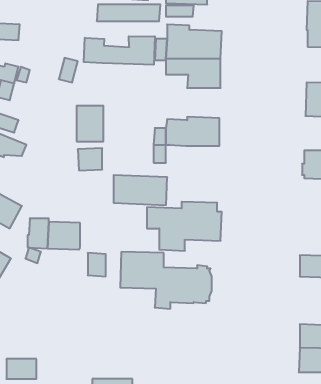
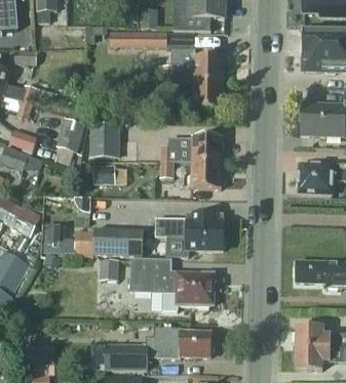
building: [84,36,155,65] -> none
building: none -> [56,118,84,152]
building: none -> [190,161,221,187]
building: [114,175,167,205] -> [92,228,142,256]
building: none -> [104,324,209,369]

